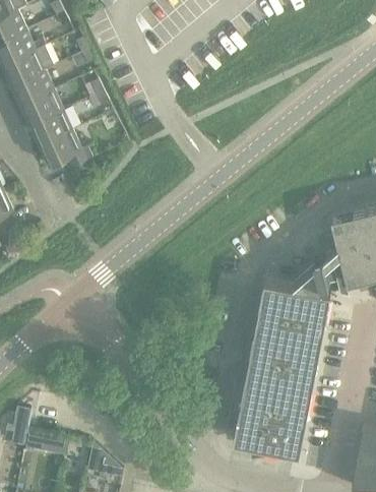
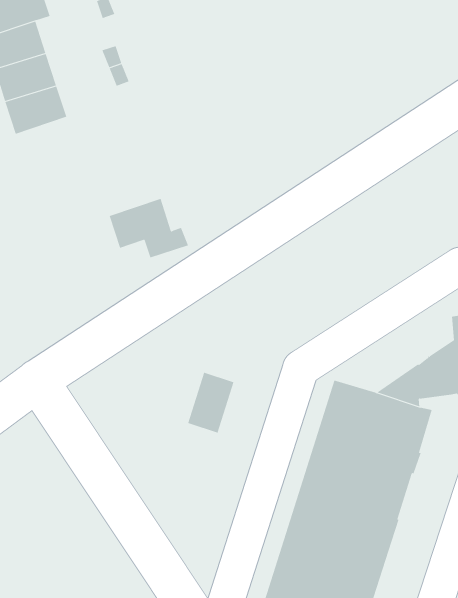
building: [40,130,93,170] -> [109,198,189,258]
building: none -> [188,372,234,434]

